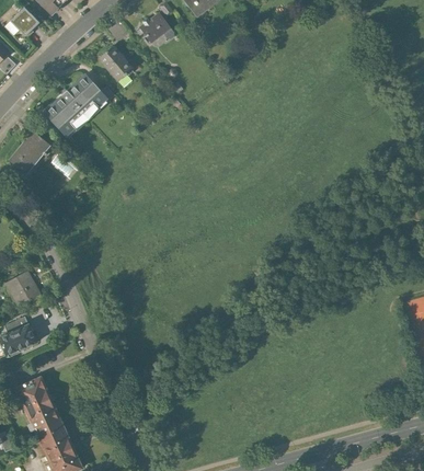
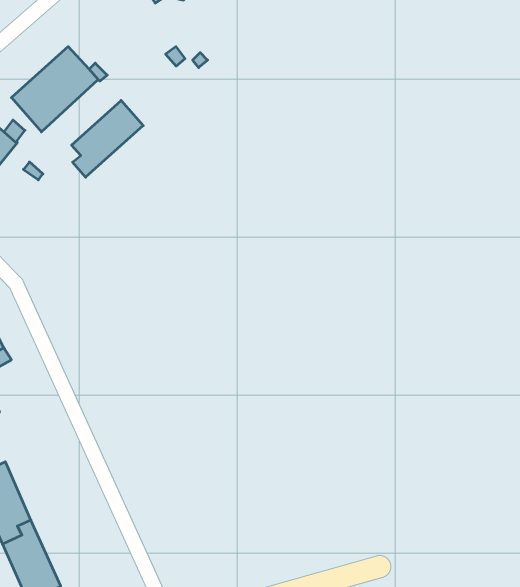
building: [99,47,131,81] -> none
building: none -> [72,100,143,177]

